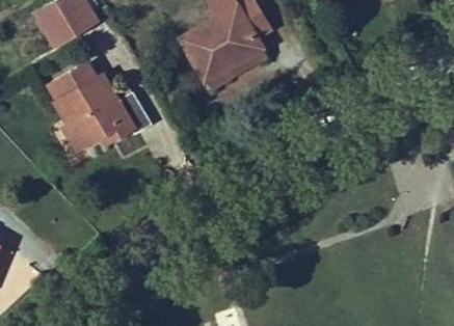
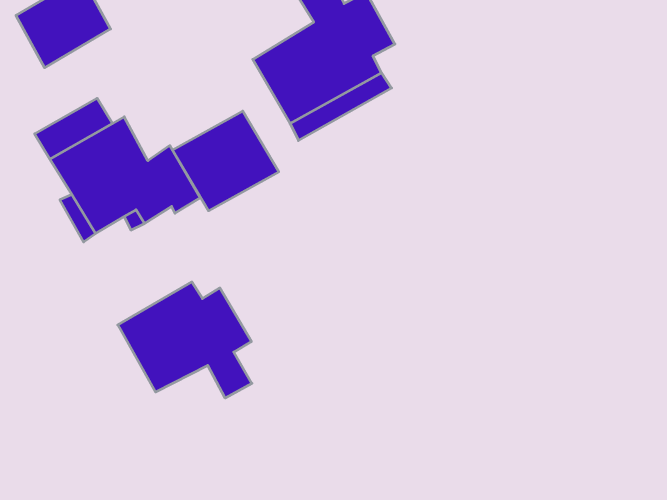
building: none -> [172,111,279,211]
building: none -> [118,282,252,398]

